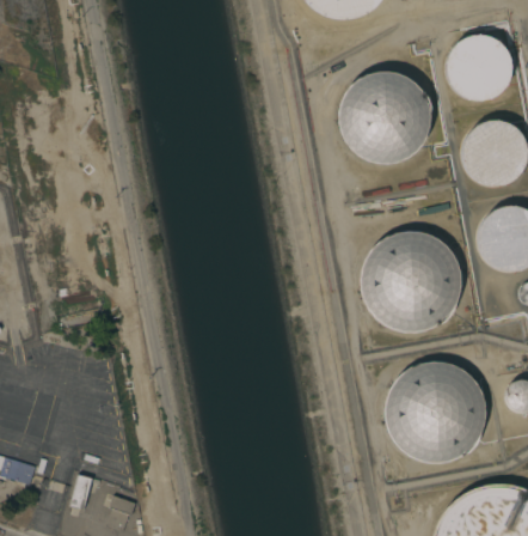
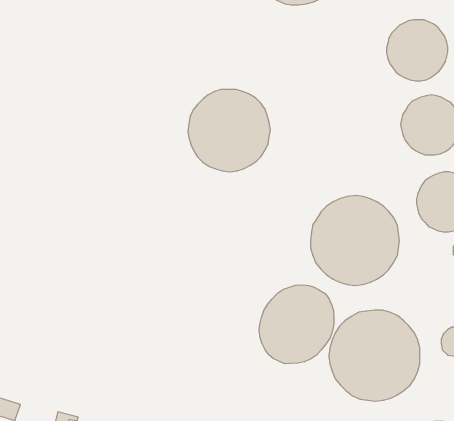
building: [338,75,430,168] -> [188,89,270,172]
building: none -> [259,285,334,364]

